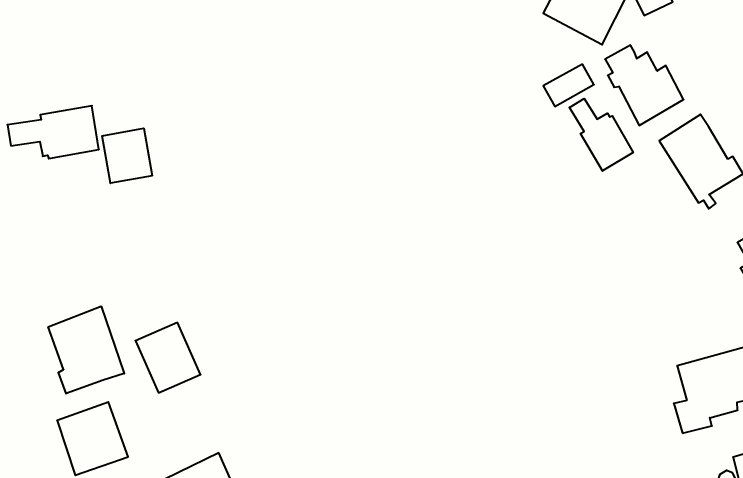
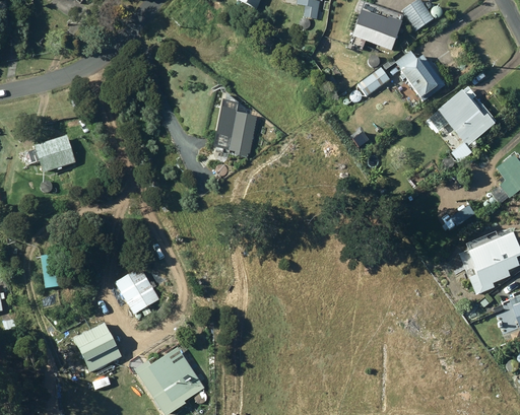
building: none -> [212,108,257,155]
building: [569,99,633,171] -> none
building: [102,128,152,183] -> none
building: [48,306,124,394] -> none

